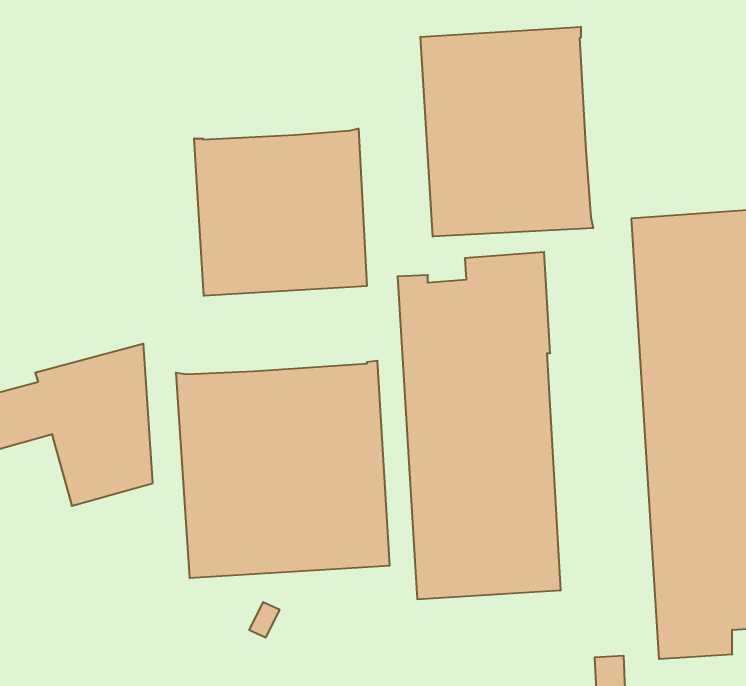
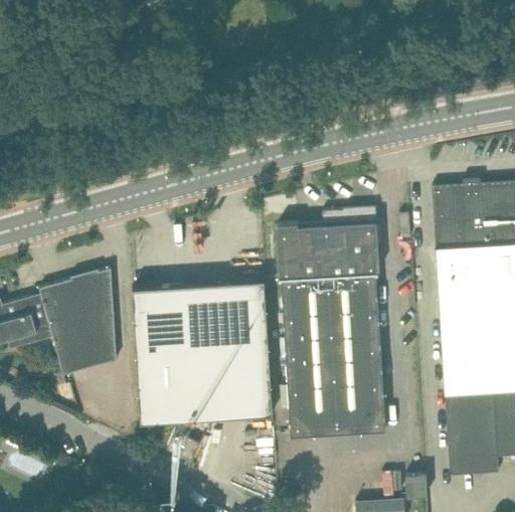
building: [421,27,593,237] -> none
building: [194,128,367,296] -> none

